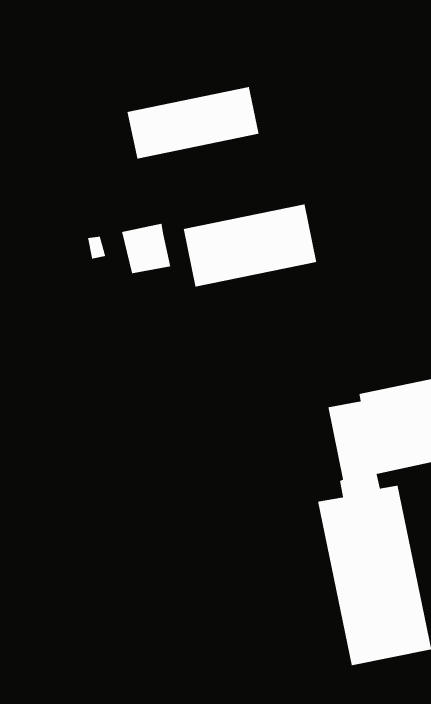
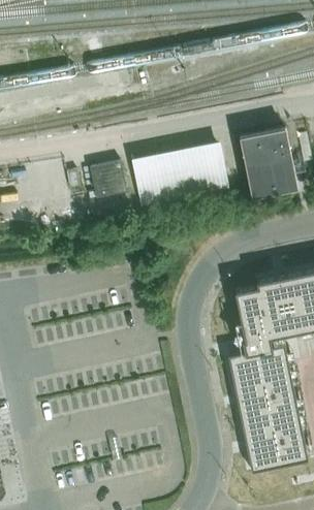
building: [127,86,260,159] -> none
building: none -> [239,129,297,198]

